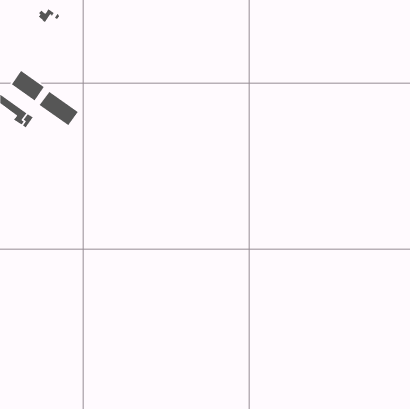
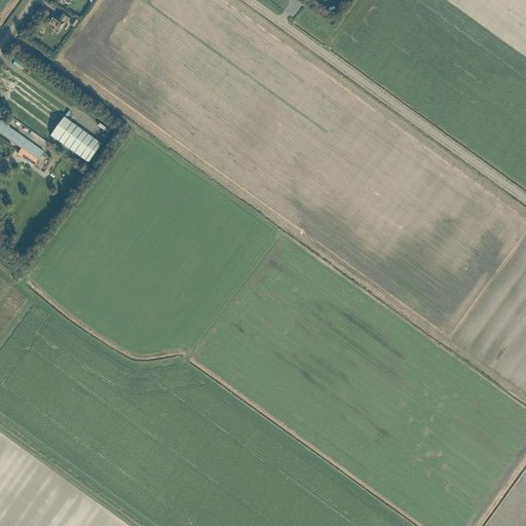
building: [11,70,45,101] -> none

